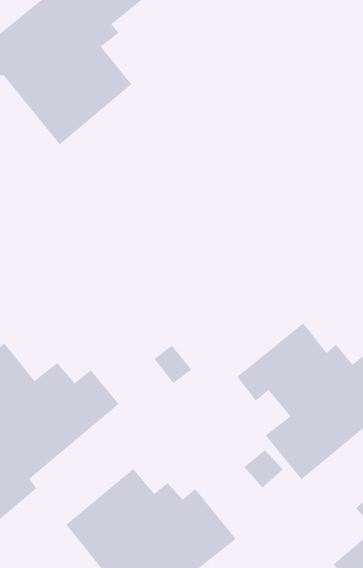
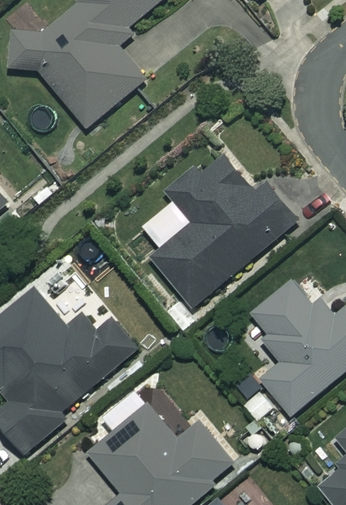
building: none -> [149,149,298,309]

